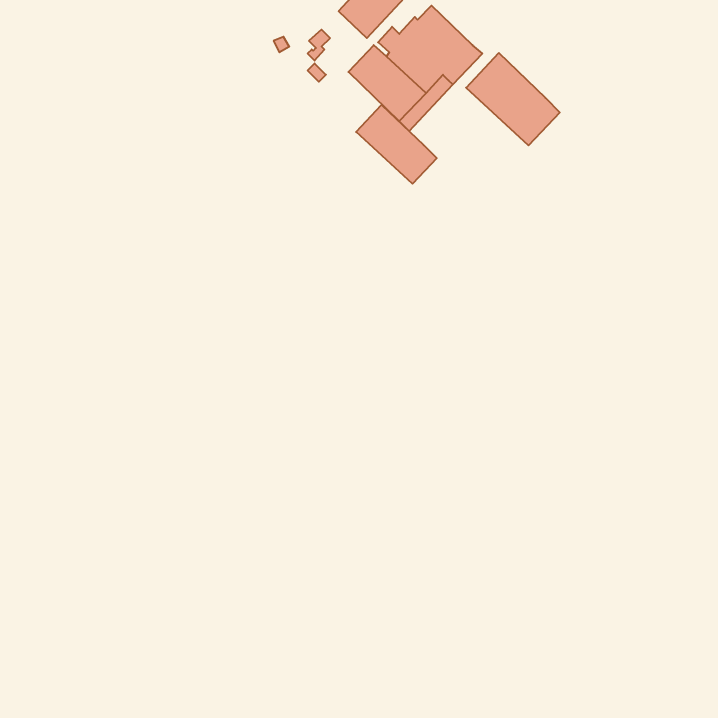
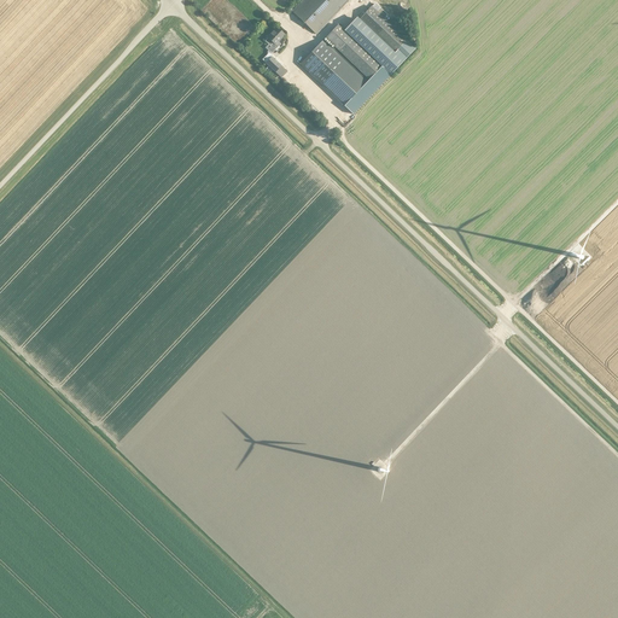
building: [466,53,560,145] -> none
building: [356,105,437,184] -> none

